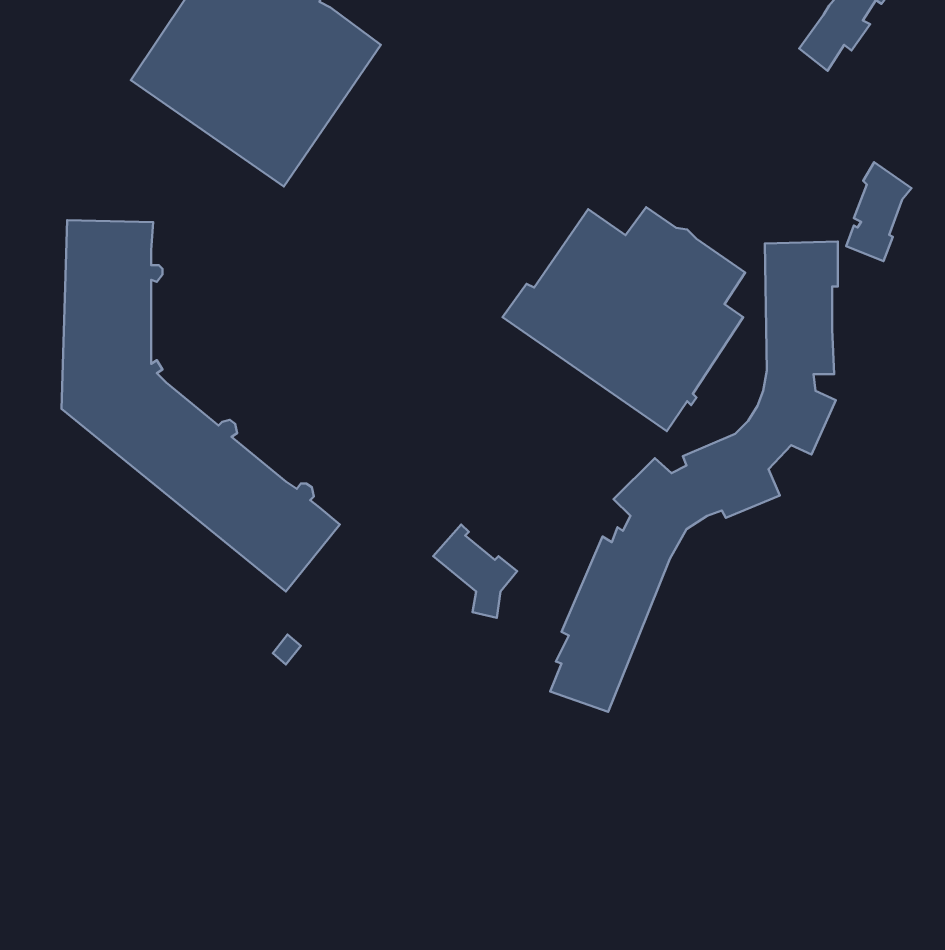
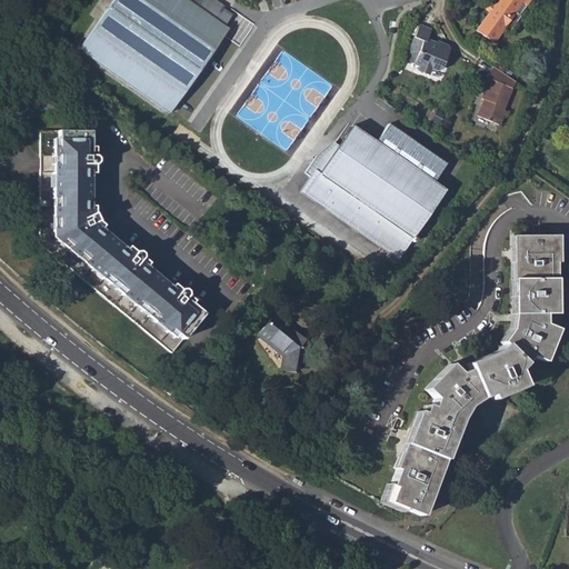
building: none -> [409,22,457,73]
building: [846,162,912,261] -> [480,64,519,123]
building: [550,242,838,712] -> [391,233,562,513]

